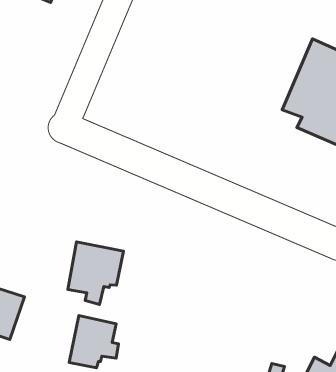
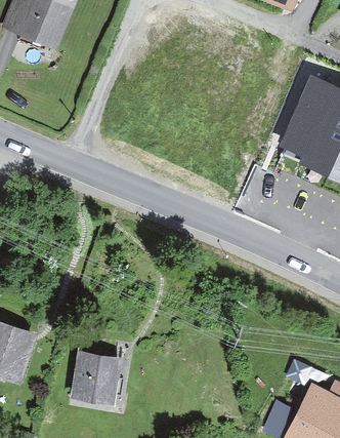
building: [68,242,124,304] -> none

